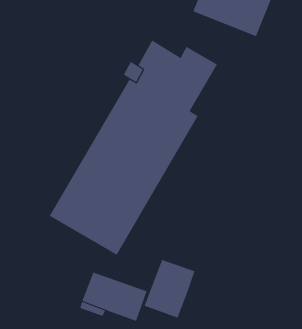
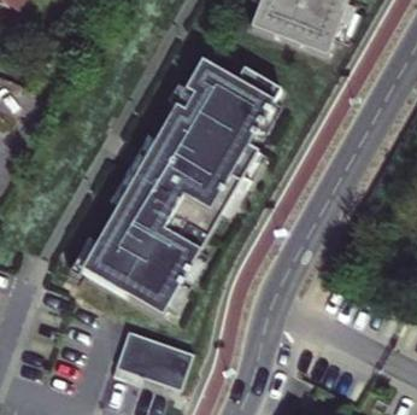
building: [144,259,195,319] -> none

